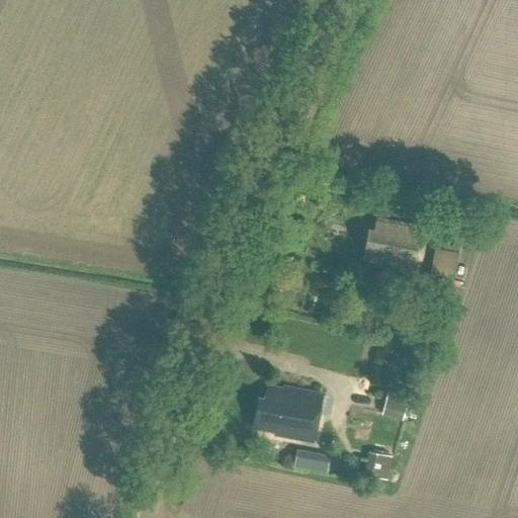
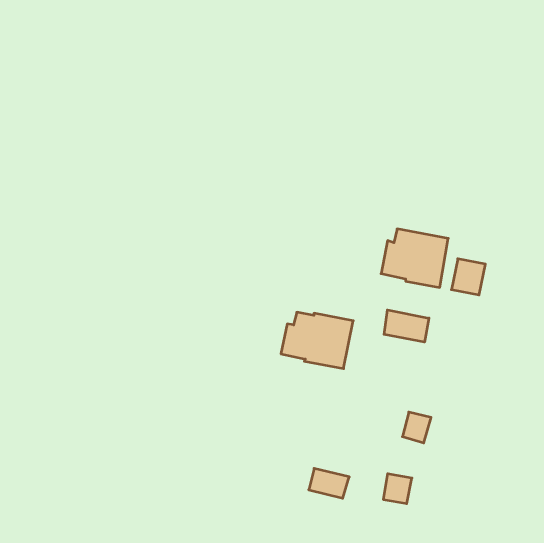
building: none -> [384,310,429,342]
building: [253,387,322,441] -> [281,312,353,369]

